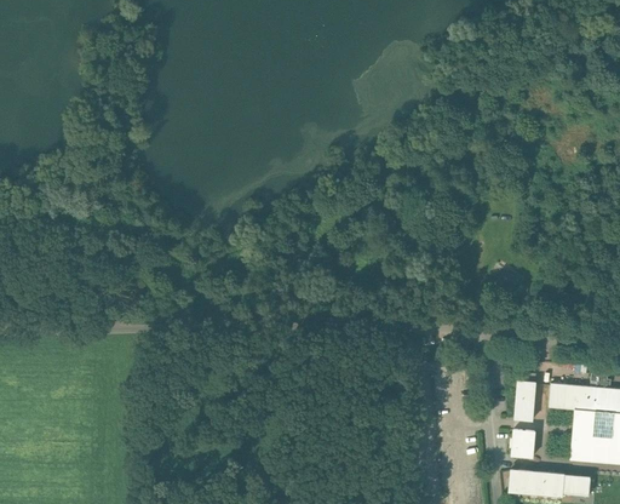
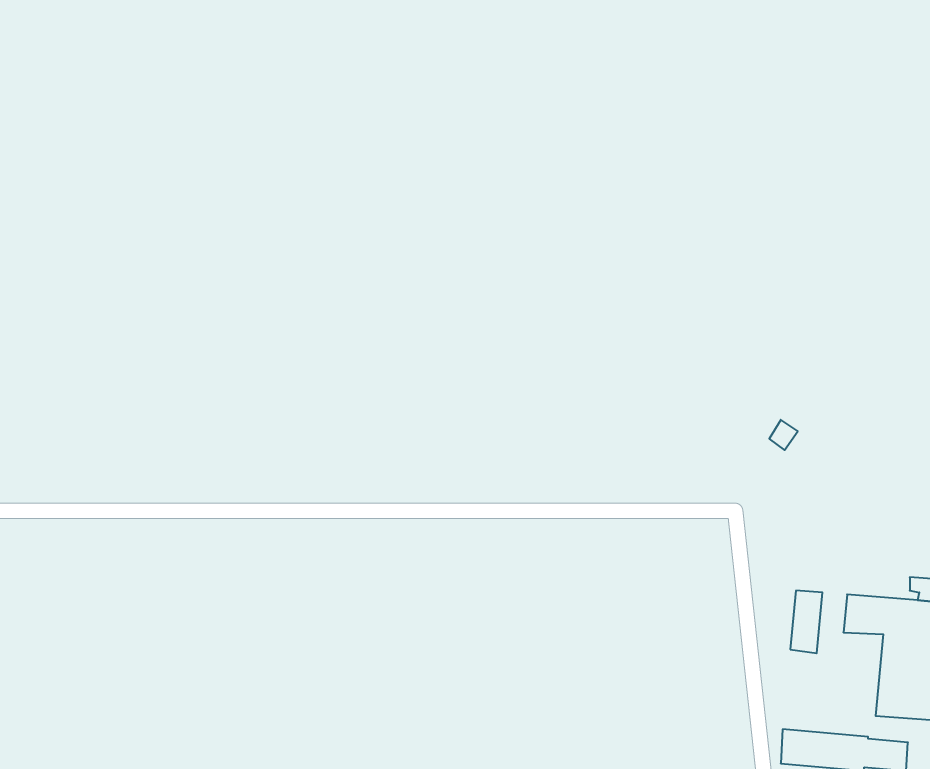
building: [510,429,534,457] -> none

